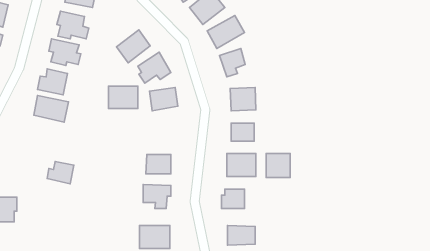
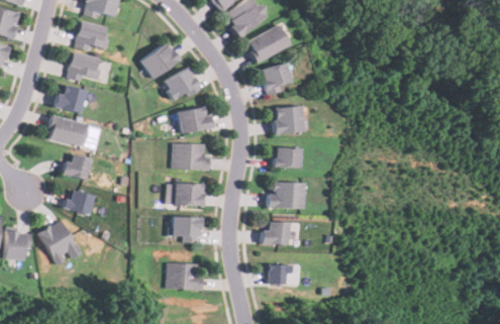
building: [108,86,138,108] -> [176,144,209,170]
building: none -> [65,152,92,179]
building: [266,154,290,178] -> none
building: none -> [38,219,84,266]

